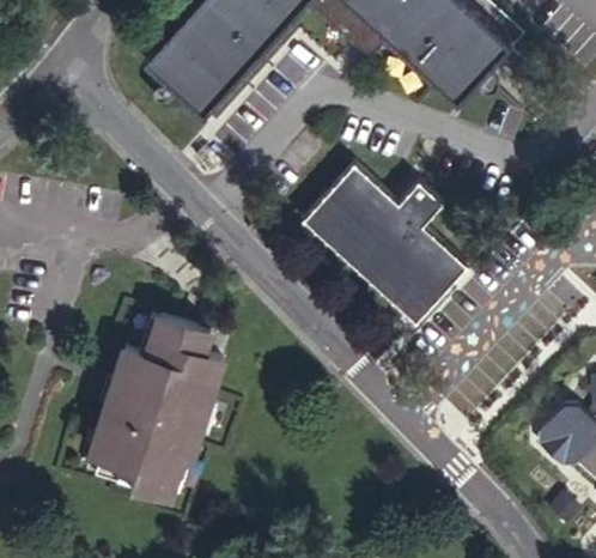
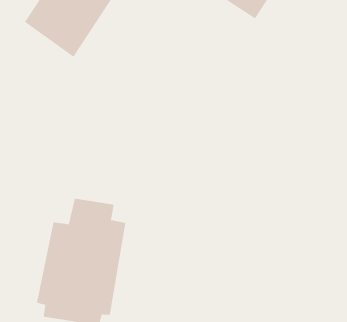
building: [302,166,463,321] -> none

